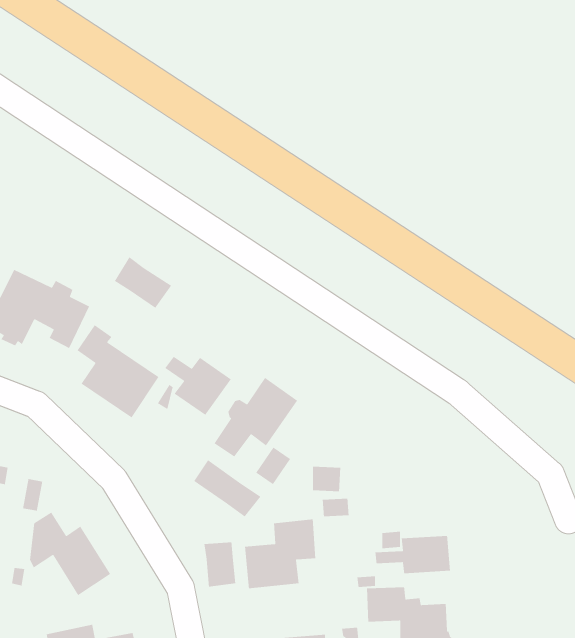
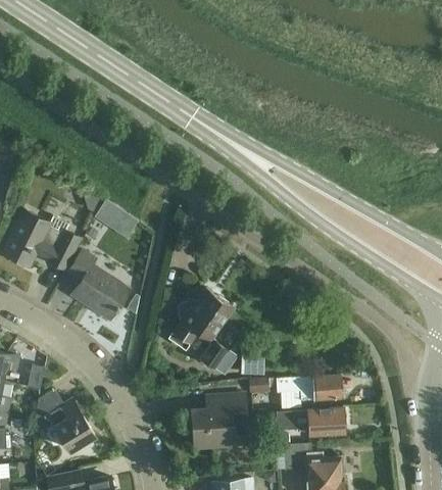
building: [164,356,232,416] -> none
building: [193,459,262,518] -> none
building: none -> [277,374,342,399]
building: [204,542,236,587] -> none

